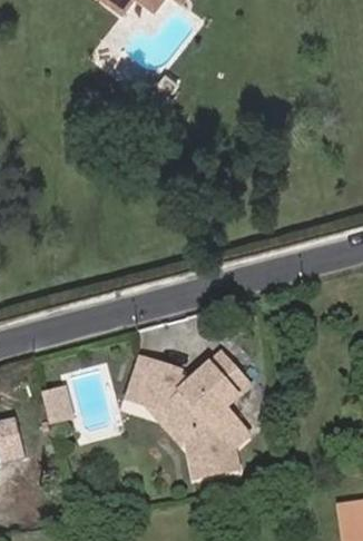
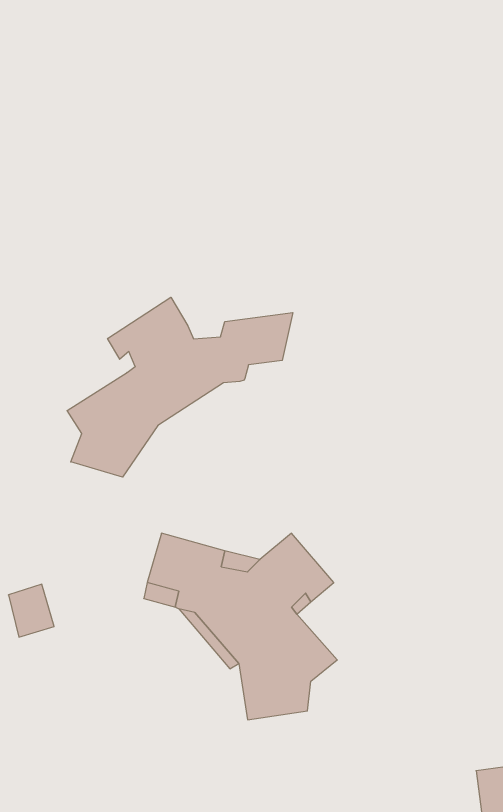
building: none -> [67,297,293,477]

